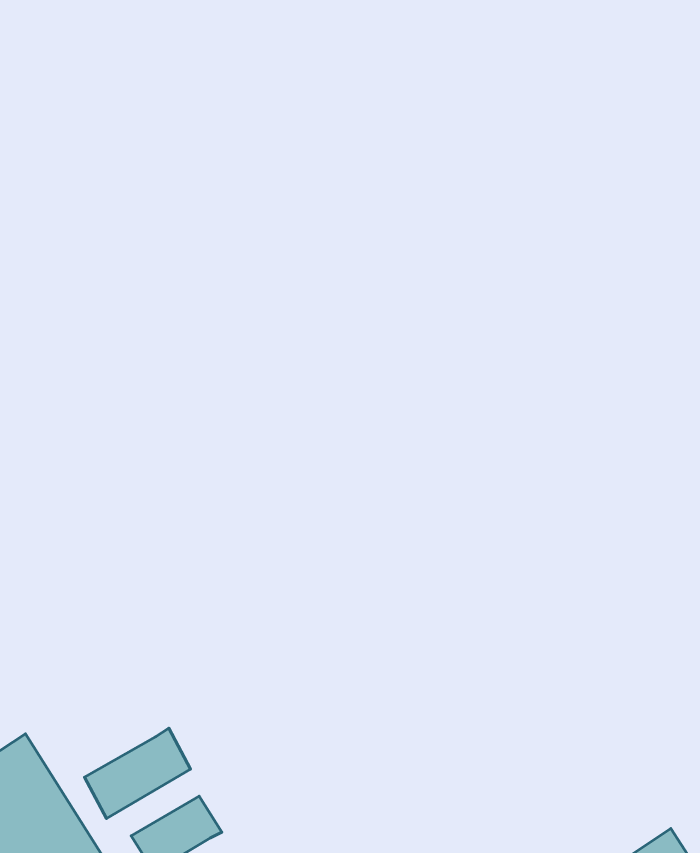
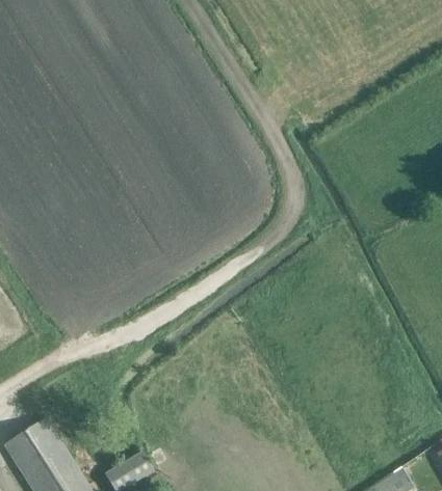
building: [85,728,191,818] -> none

